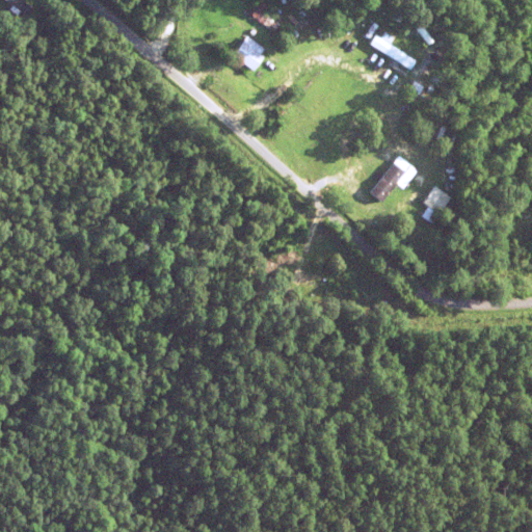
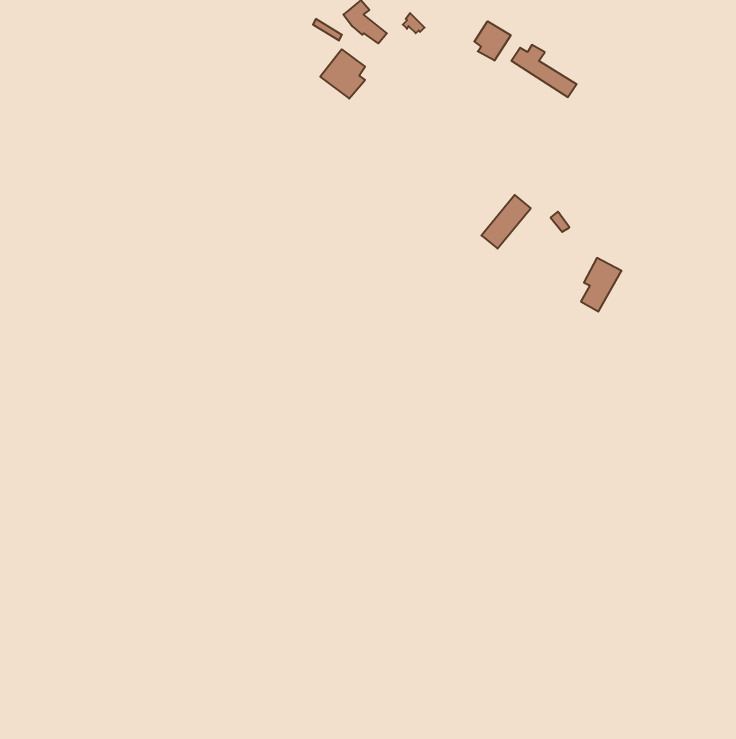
building: none -> [474,21,511,61]
building: [371,163,406,202] -> [481,195,531,249]

